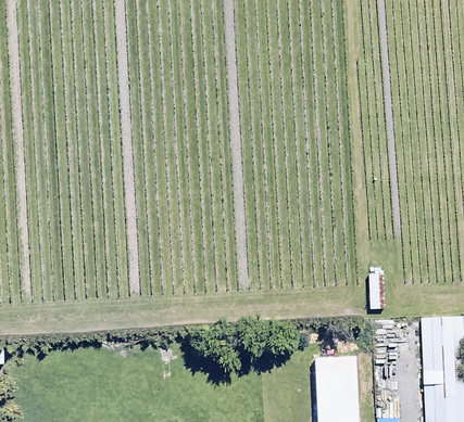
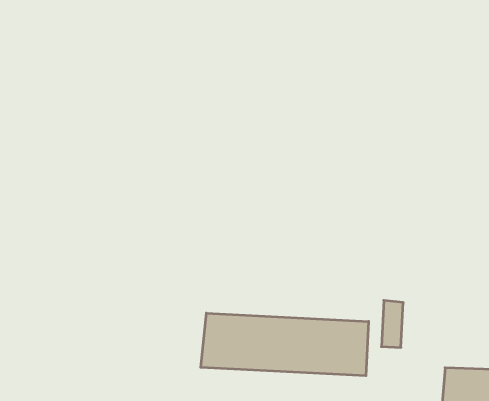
building: none -> [201,313,369,376]

